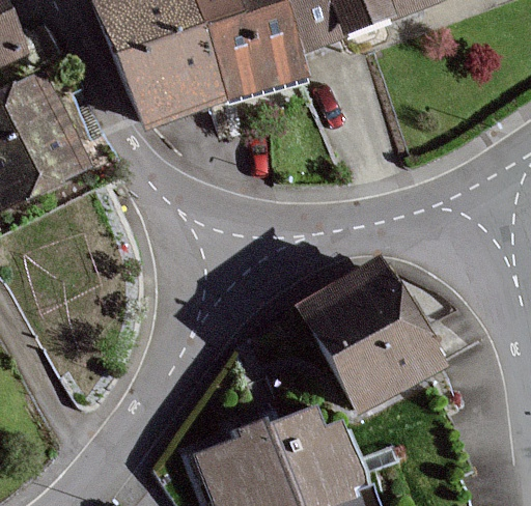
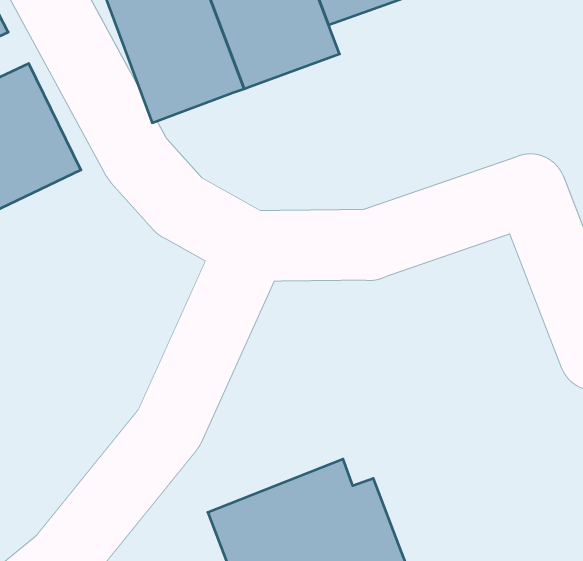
building: [303,262,438,406] -> none

